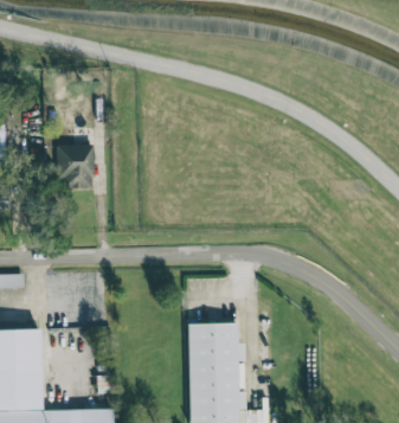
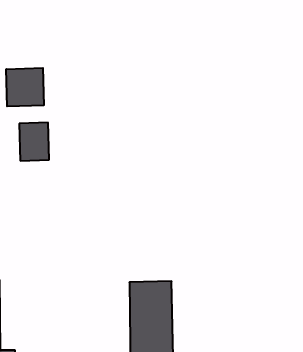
building: none -> [6,68,44,106]

